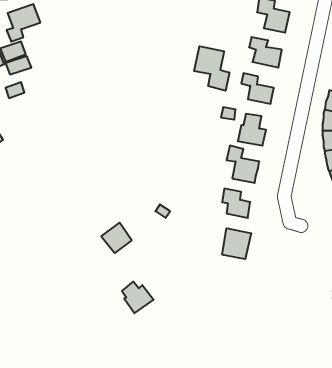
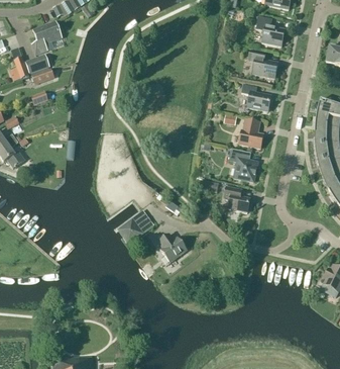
building: [194,46,229,91] -> none
building: [222,228,251,259] -> none
building: [122,282,154,313] -> [158,234,187,262]

